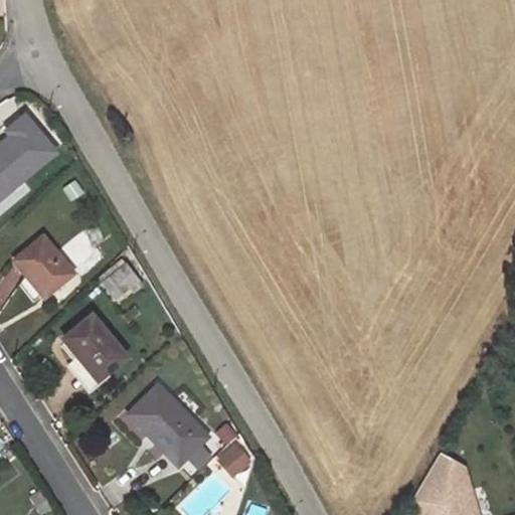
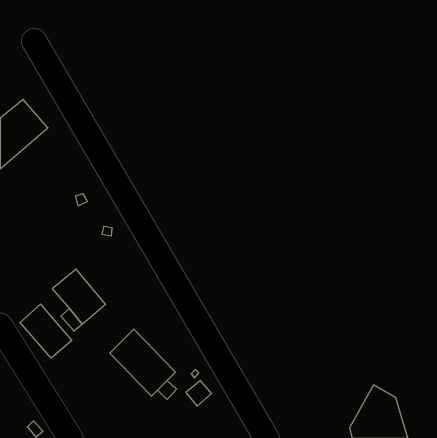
building: [15,237,72,297] -> none
building: none -> [20,304,72,358]

